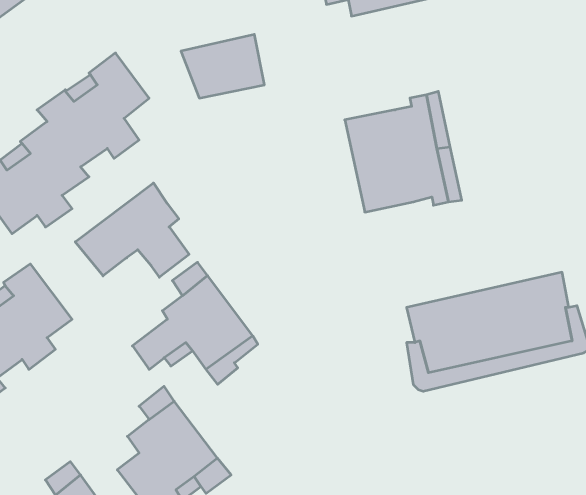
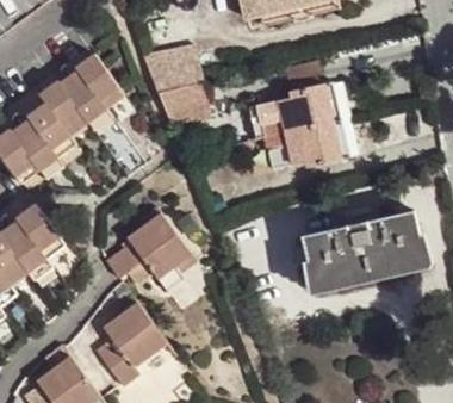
building: none -> [154,78,207,120]
building: [75,183,189,277] -> none

